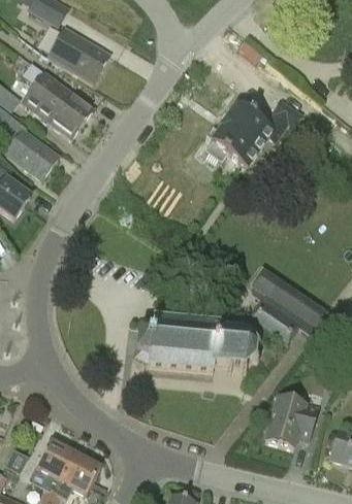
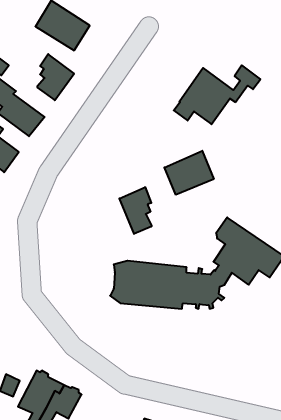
building: [23,63,64,124] -> none
building: none -> [164,151,214,195]
building: none -> [119,187,152,234]
building: [266,396,317,447] -> none

